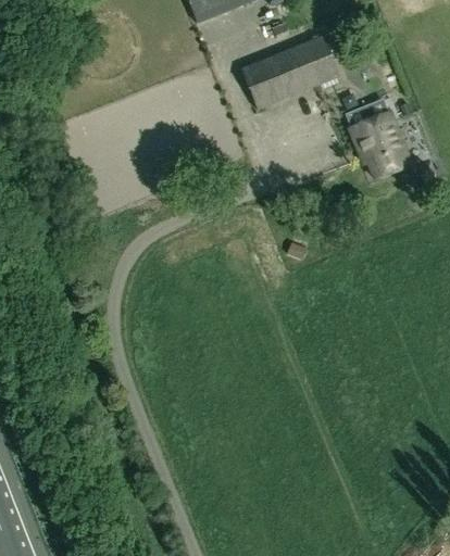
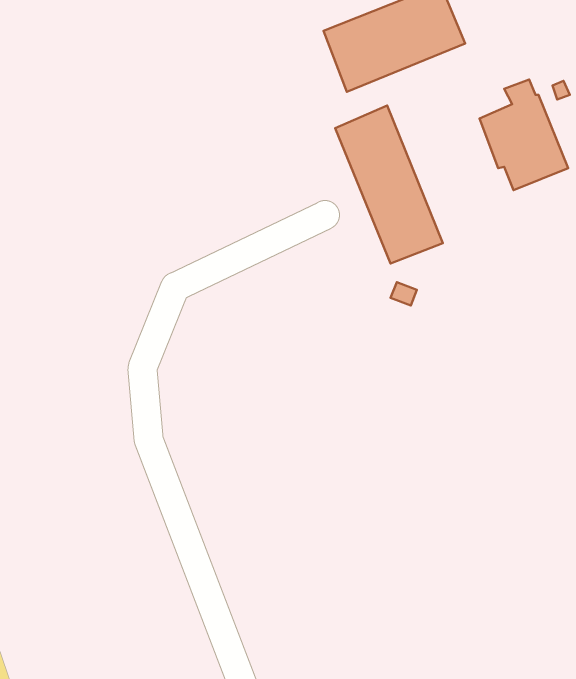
building: none -> [335,105,443,263]

